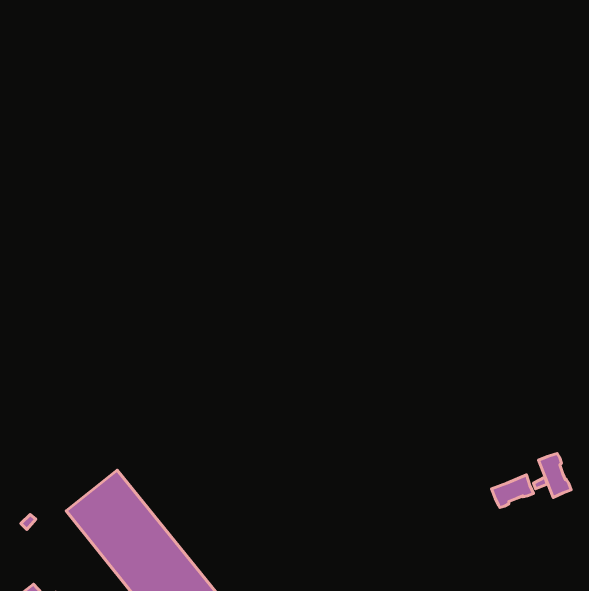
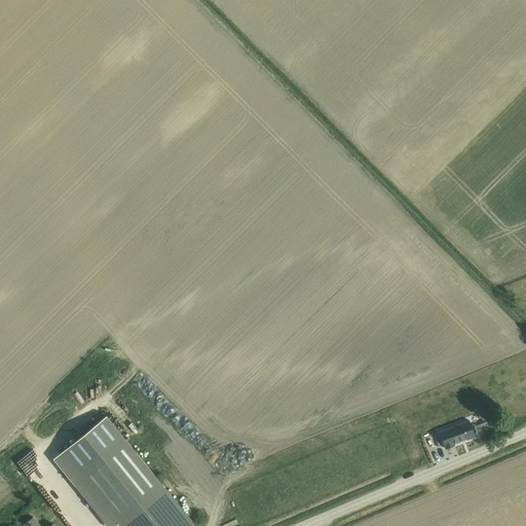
building: [538,453,571,497] -> none

